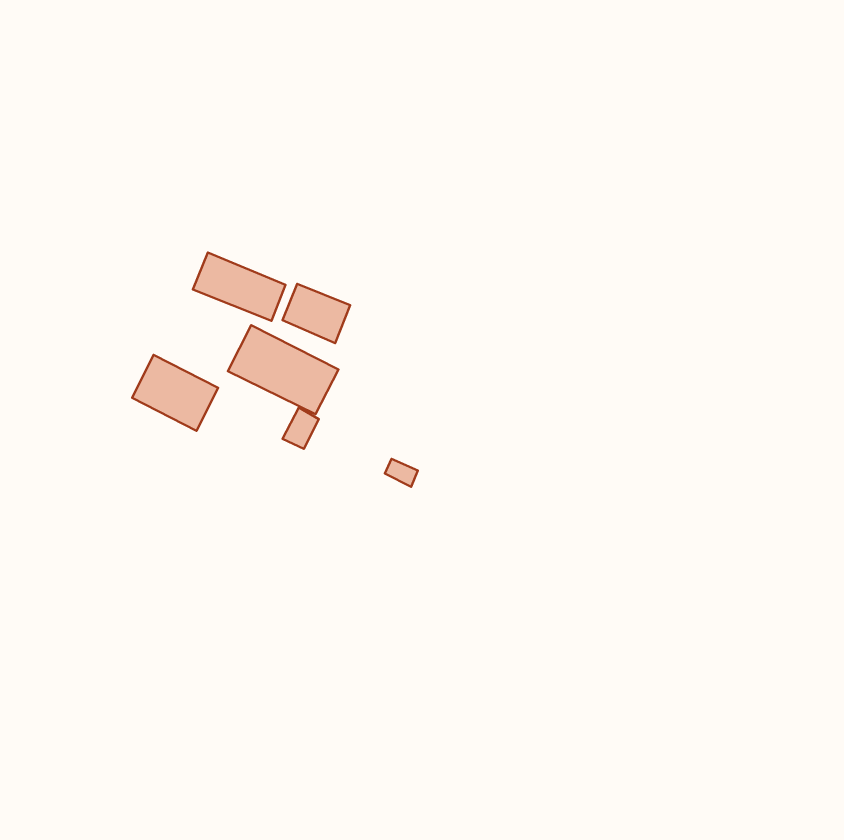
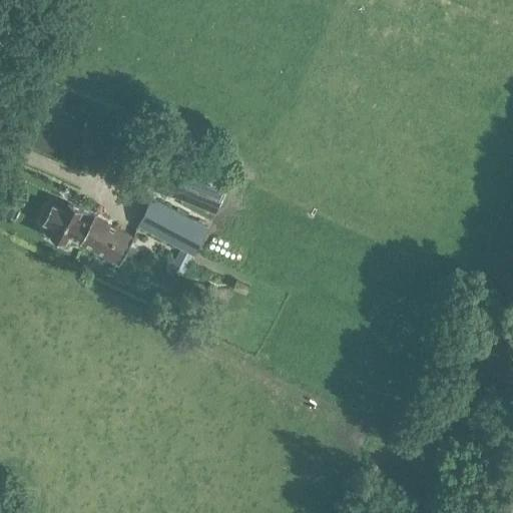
building: [193,253,286,321] -> none
building: none -> [43,203,93,245]

